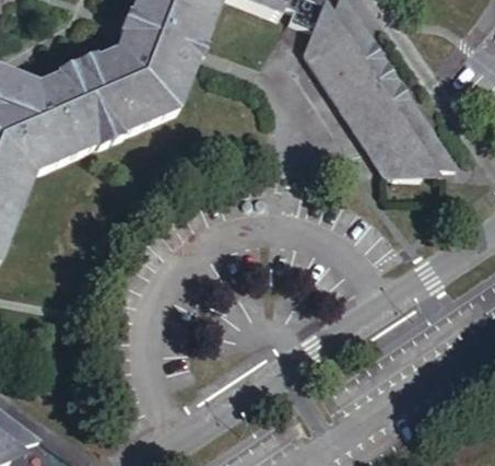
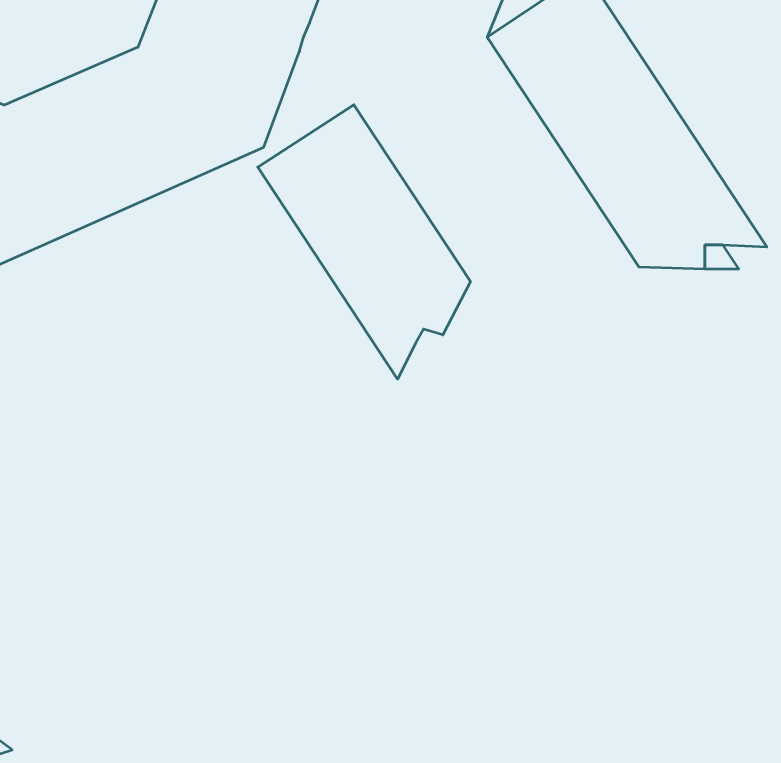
building: none -> [258,105,470,379]

